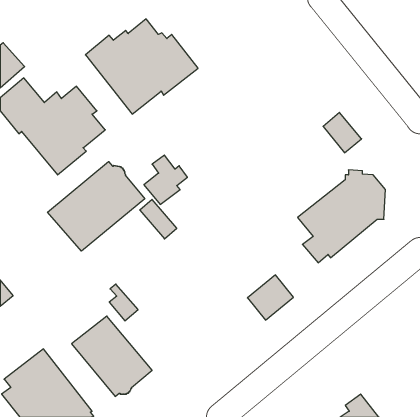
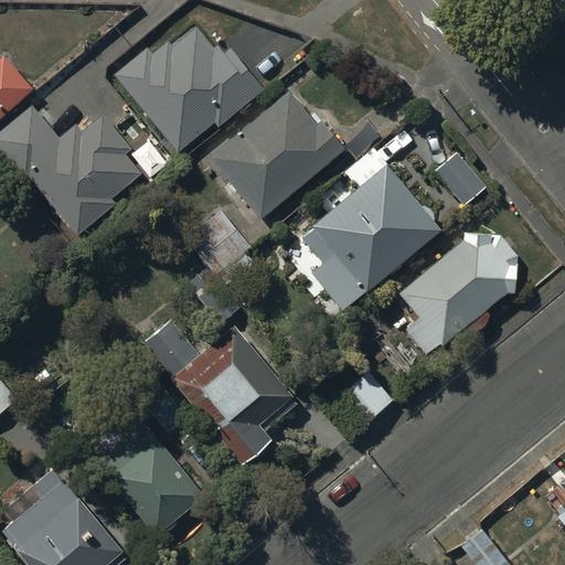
building: none -> [211,93,344,221]
building: none -> [301,146,443,311]
building: [48,162,145,251] -> none
building: none -> [147,321,291,467]

